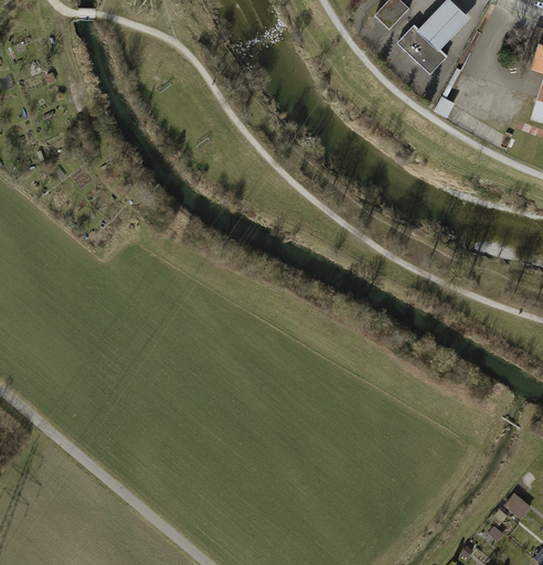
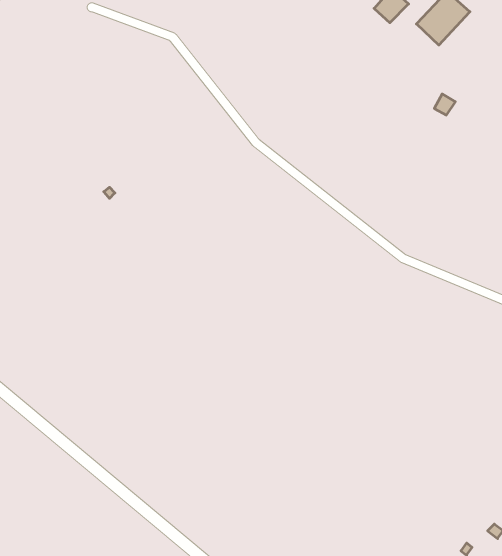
building: [396,24,446,73] -> none

